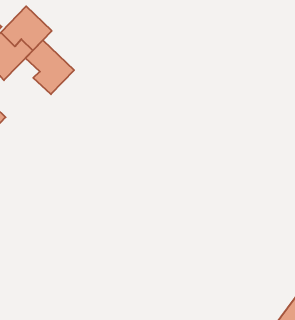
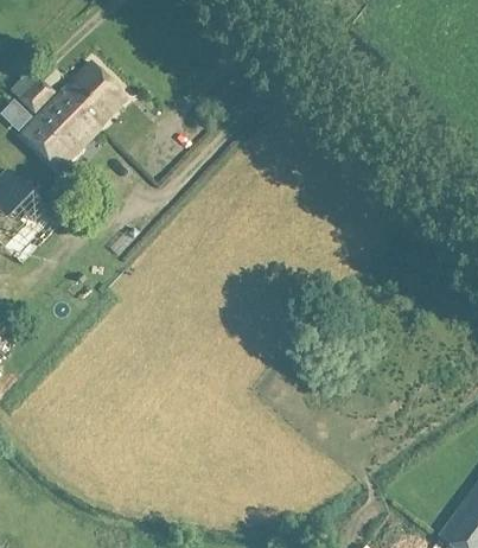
building: [26,40,74,94] -> none

